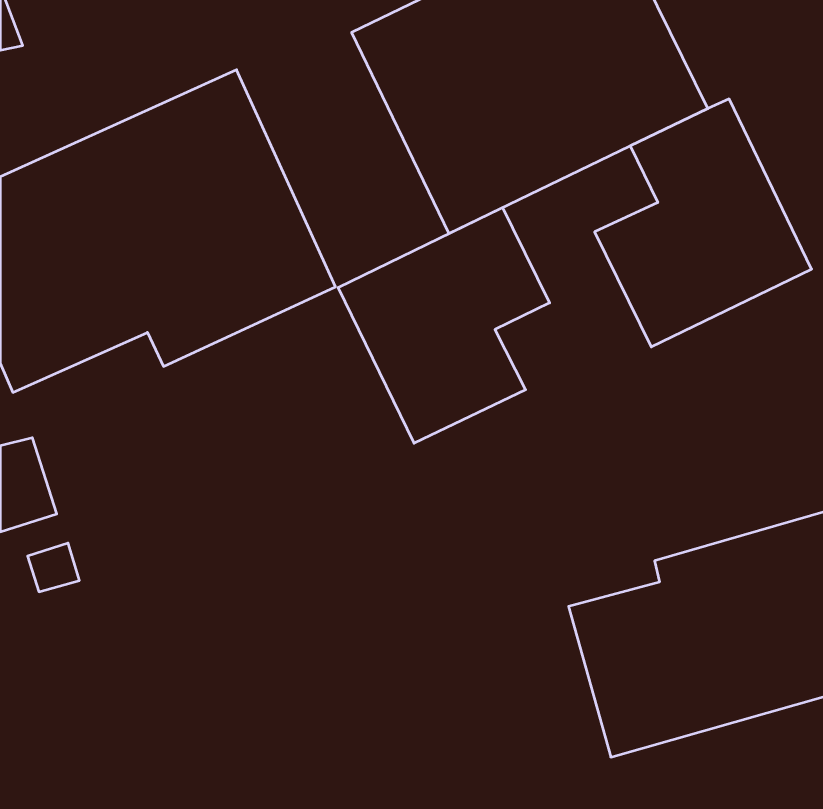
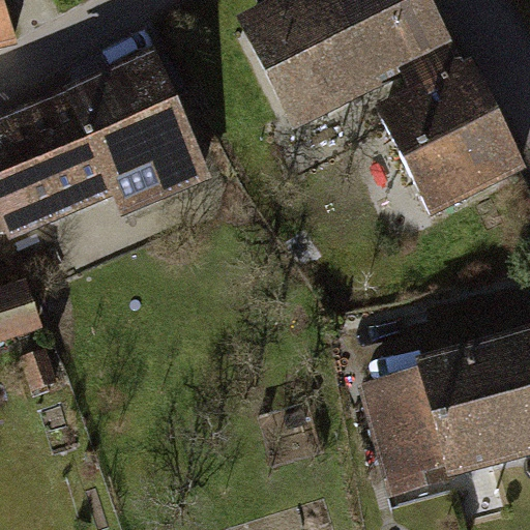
building: [338,208,550,443] -> none

